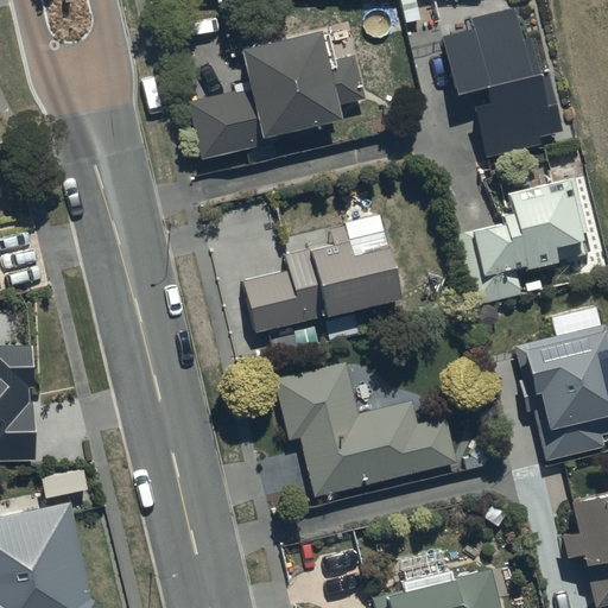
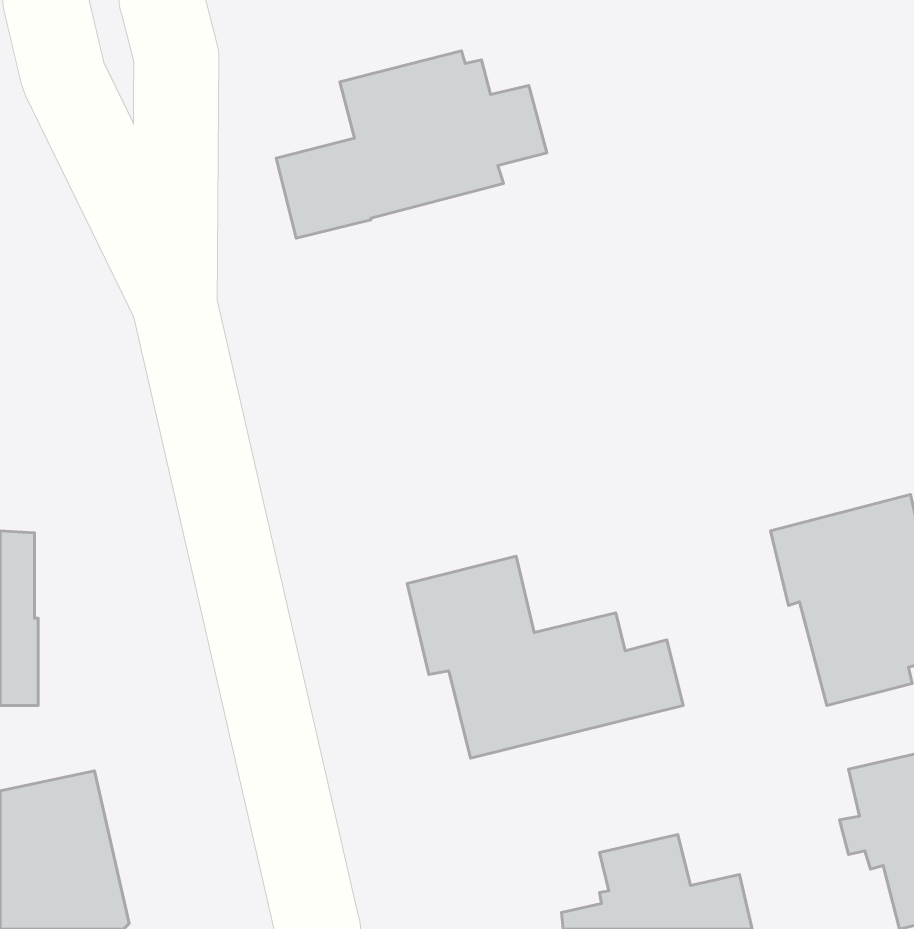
building: [442,32,557,167] -> none
building: [467,178,596,304] -> none
building: [242,216,391,332] -> none

